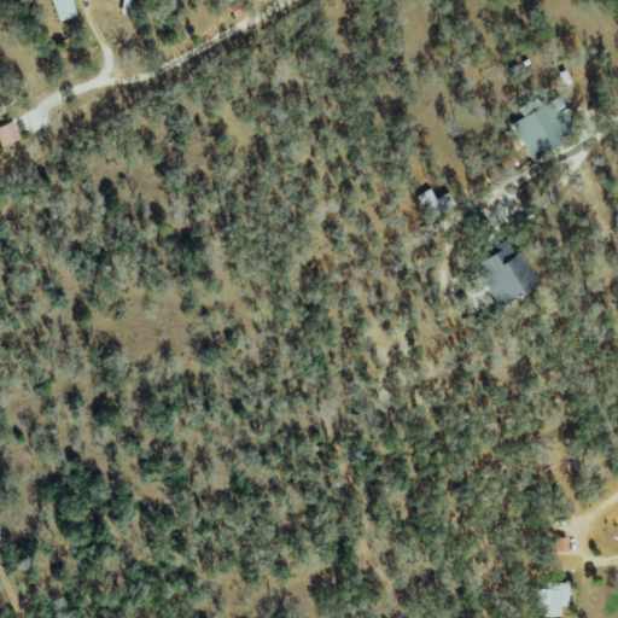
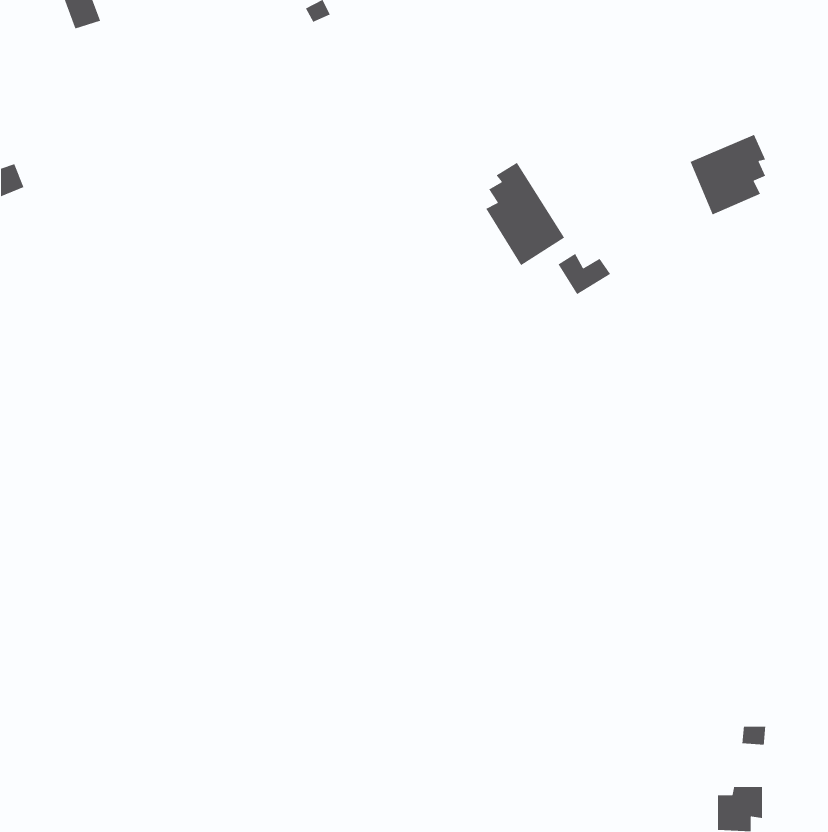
building: none -> [485,162,565,266]
building: [474,241,538,308] -> none

